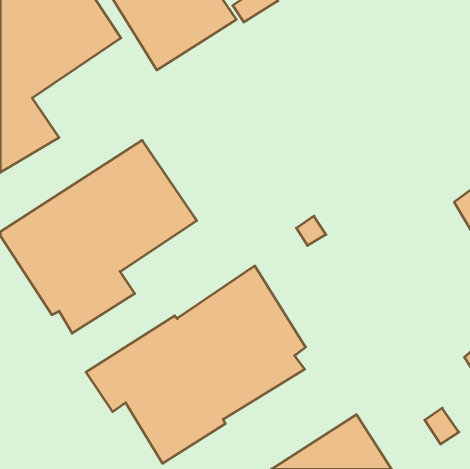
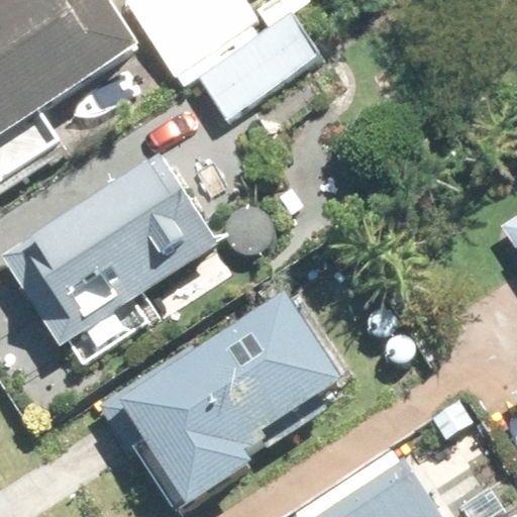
building: none -> [194,14,318,119]

